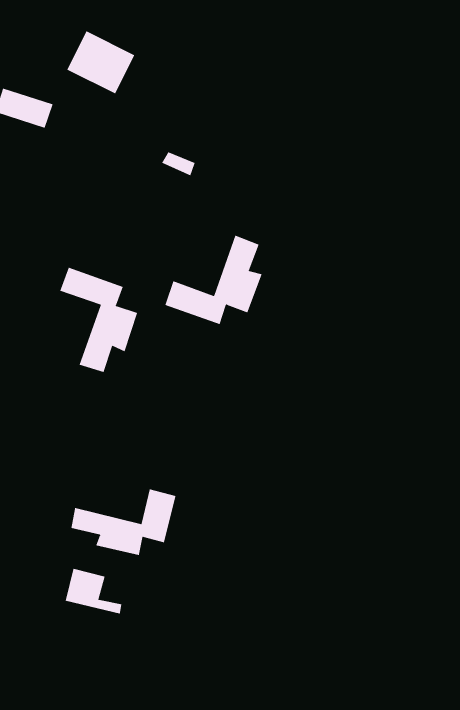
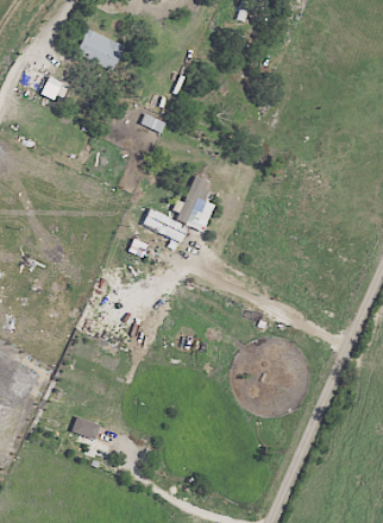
building: [59,267,138,373] -> none
building: [71,489,176,556] -> none

